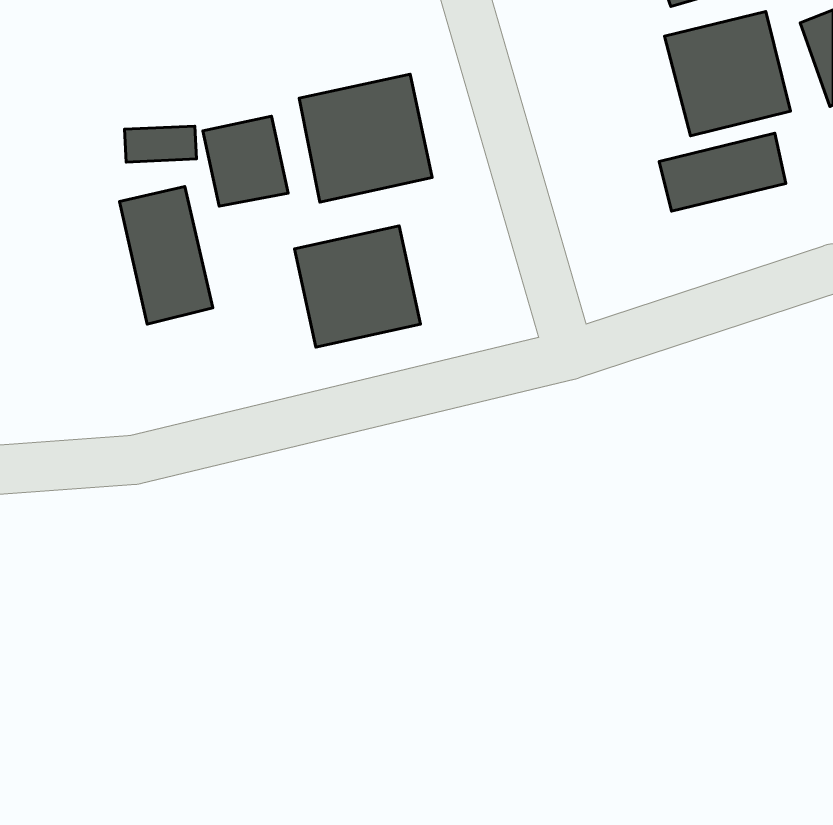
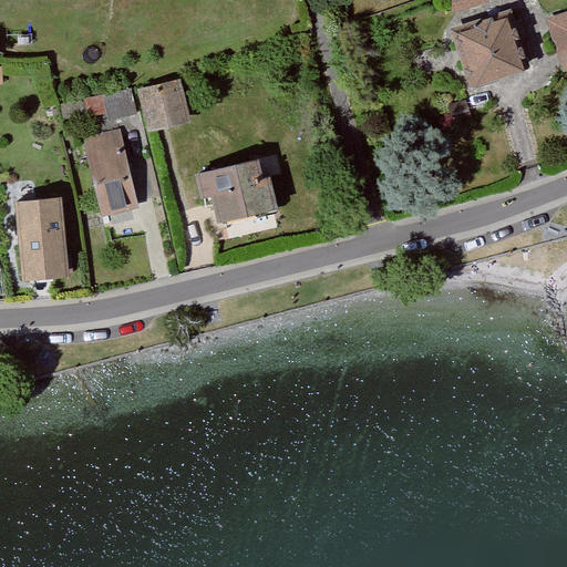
building: [299,74,432,202] -> none
building: [659,133,786,211] -> none
building: none -> [11,187,70,271]

